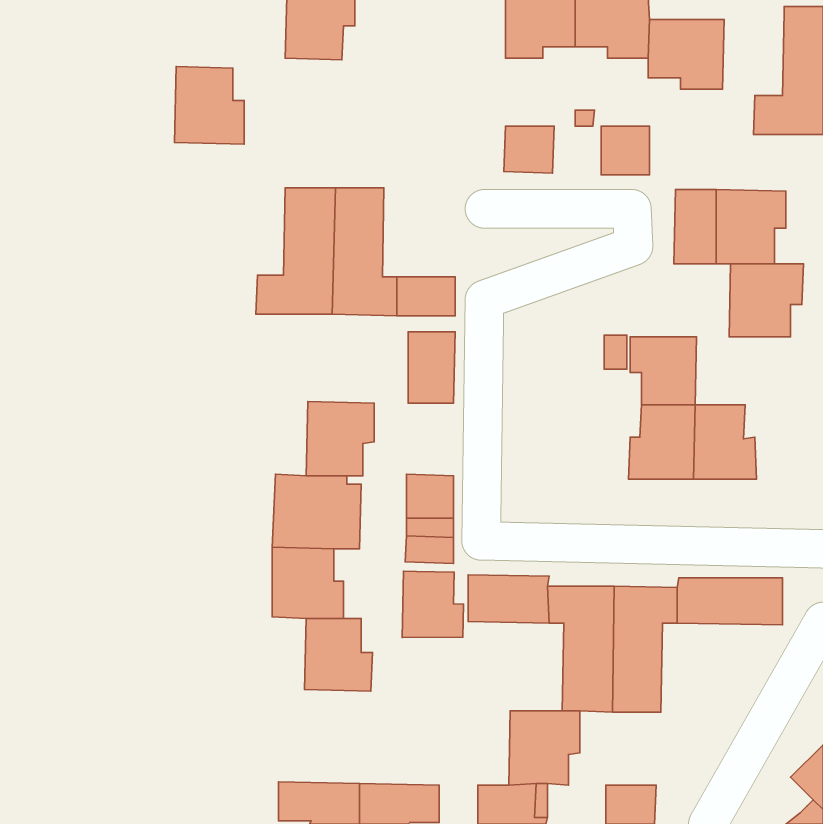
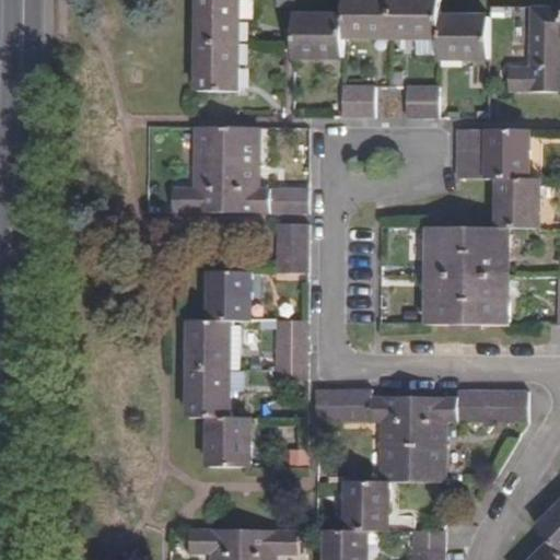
building: none -> [292,12,341,58]
building: [175,66,244,144] -> [191,39,238,92]
building: none -> [469,228,511,273]
building: [402,571,463,637] -> none

